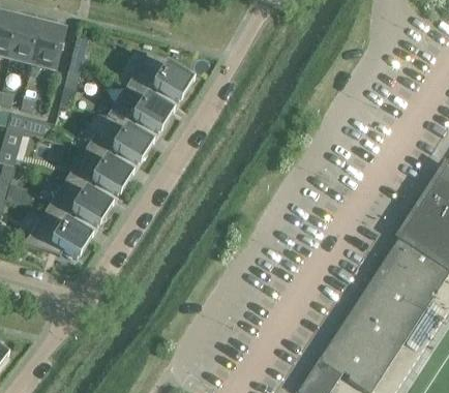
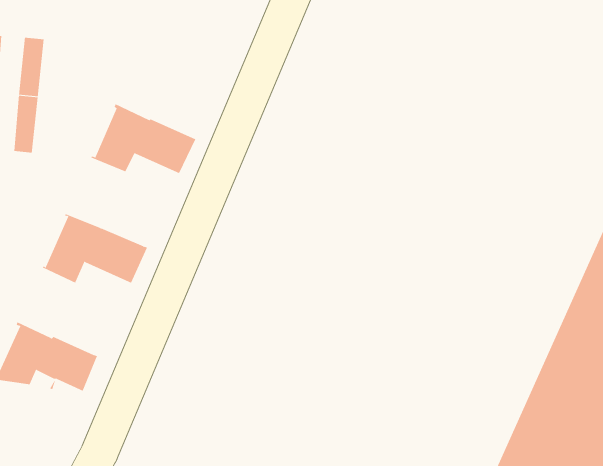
building: [126,52,193,102] -> none
building: [85,113,152,164] -> none
building: [44,178,112,228] -> none

